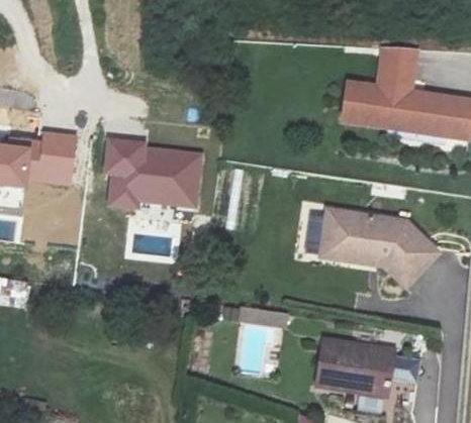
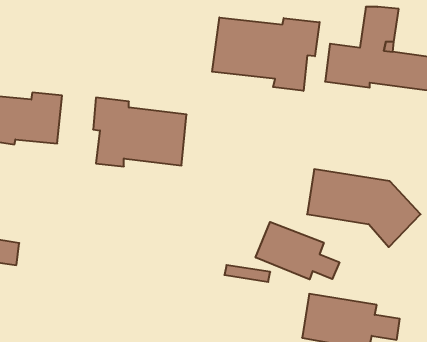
building: none -> [212,17,320,91]
building: none -> [256,222,339,279]

